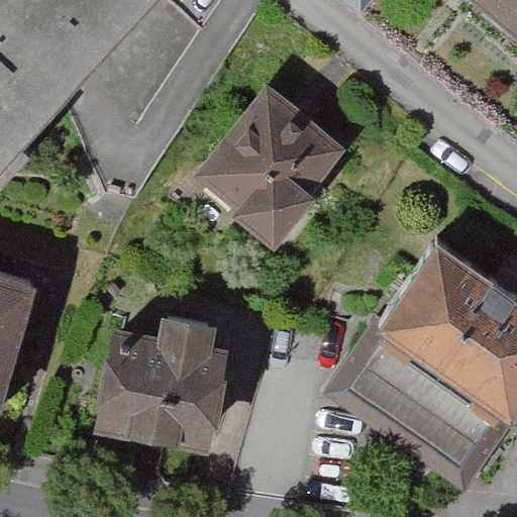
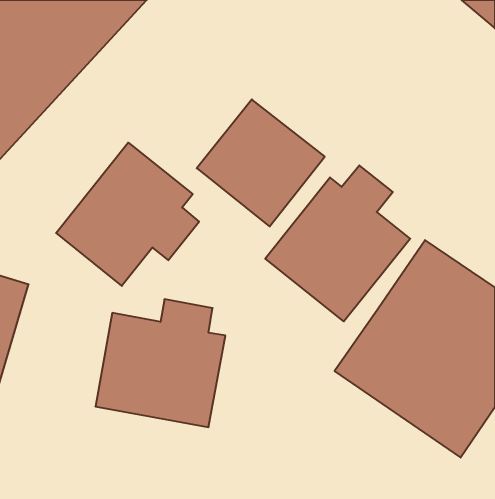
building: none -> [56,143,199,286]
building: none -> [265,165,410,321]

